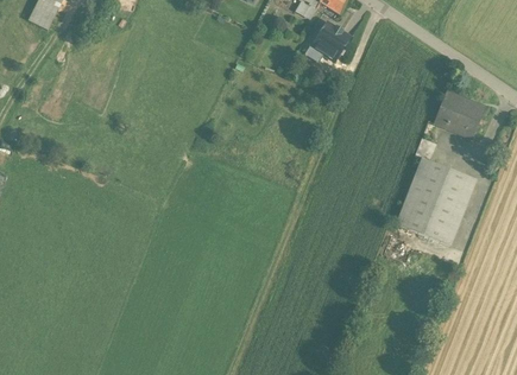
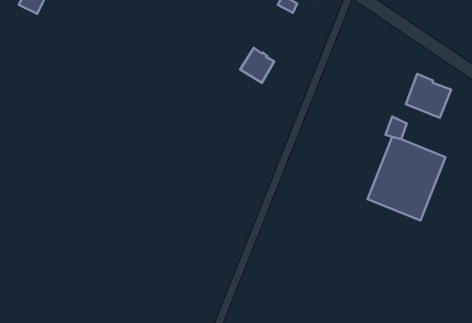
building: [313,21,348,58] -> [240,48,274,83]

